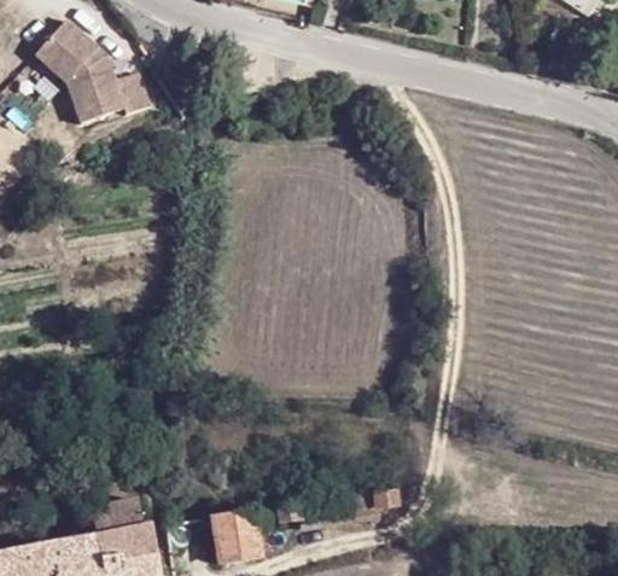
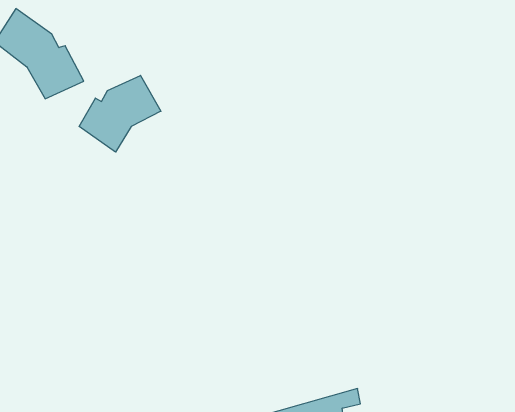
building: none -> [79,75,161,152]

